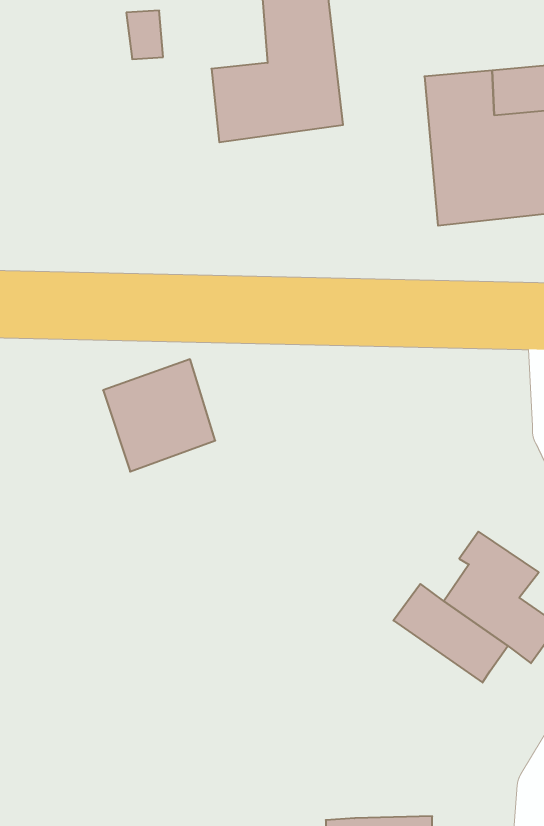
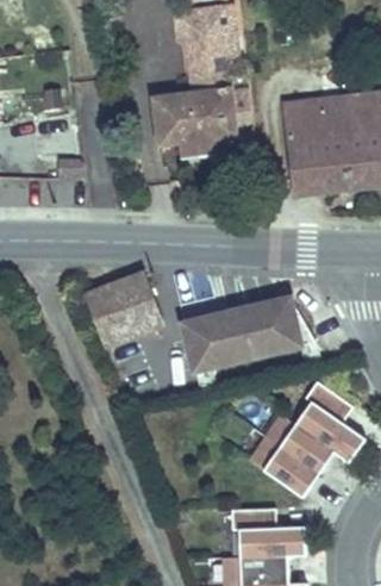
building: none -> [182,294,314,367]
building: none -> [249,437,319,498]
building: none -> [231,510,306,559]

